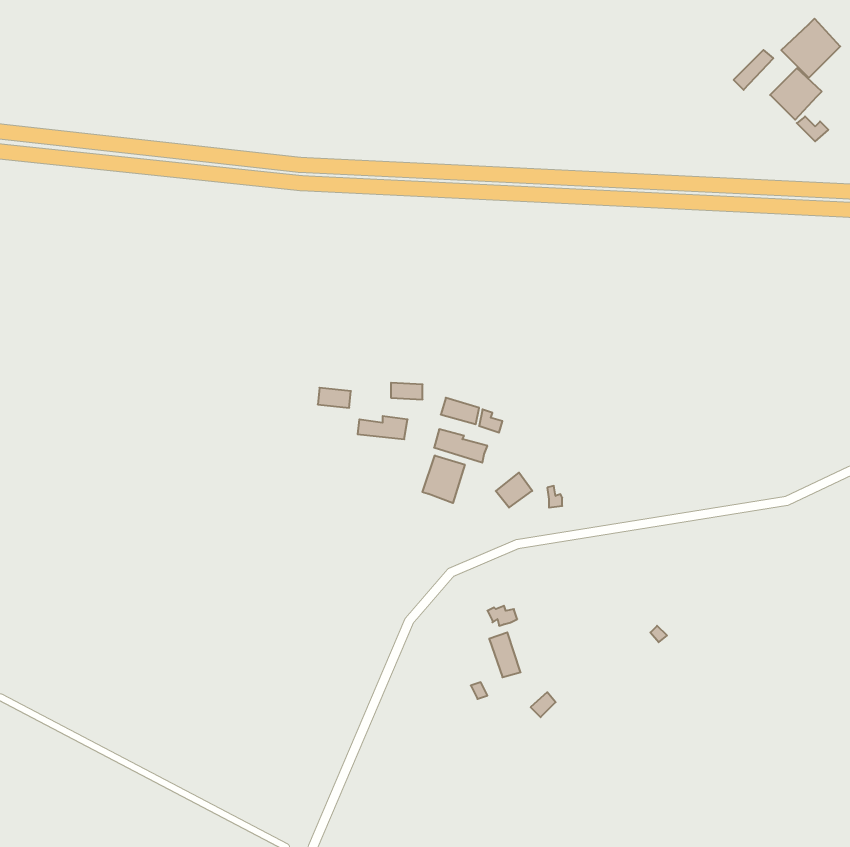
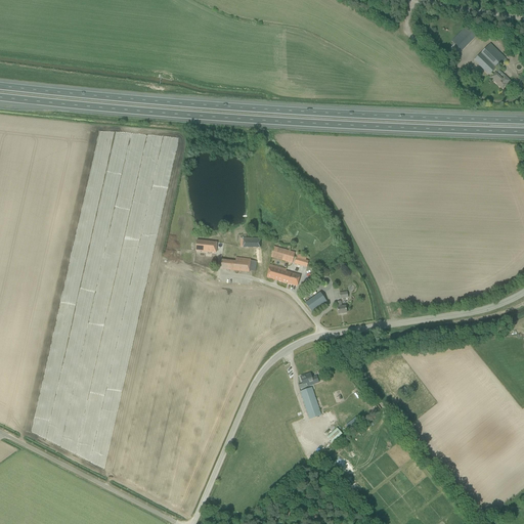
building: [781,19,840,78] -> none
building: [422,455,465,503] -> none

